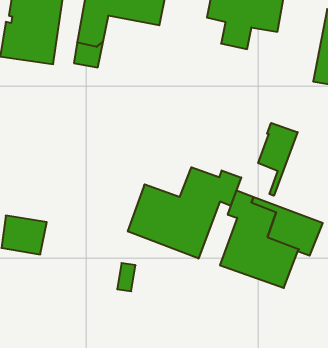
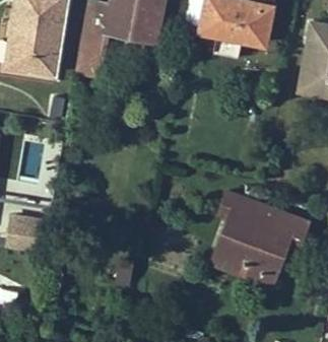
building: [258,123,298,196] -> none
building: [128,167,241,259] -> none

